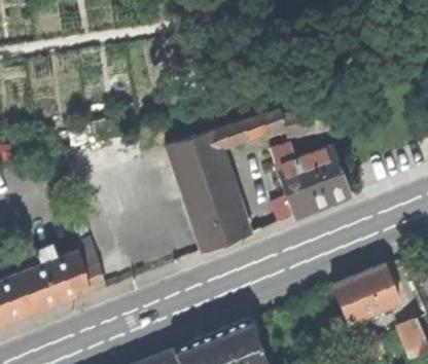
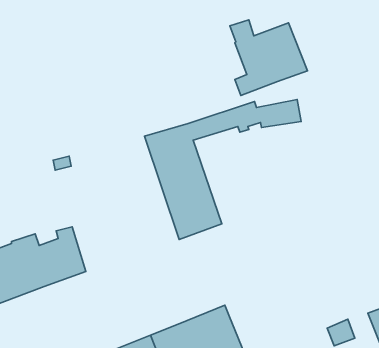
building: [272,142,352,220] -> [230,20,307,96]
building: [332,264,400,325] -> none

